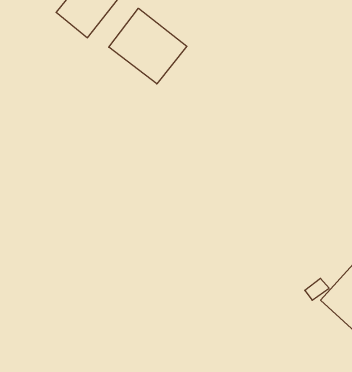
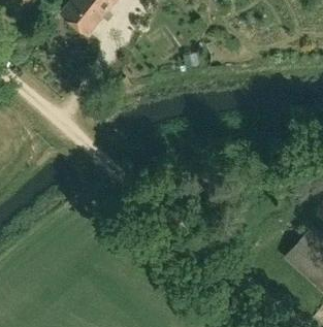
building: [109,8,187,84] -> none

